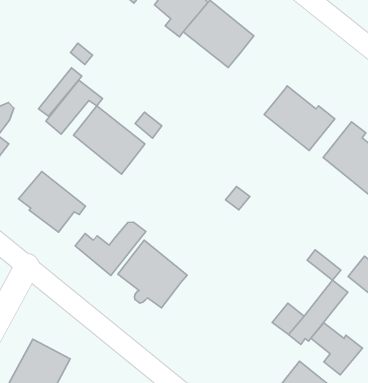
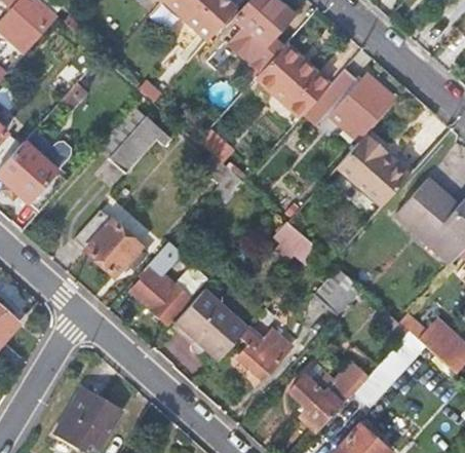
building: none -> [313,66,392,139]
building: [73,106,145,174] -> none
building: none -> [318,268,360,311]
building: none -> [237,306,293,379]
building: [311,323,362,375] -> [289,377,343,432]

